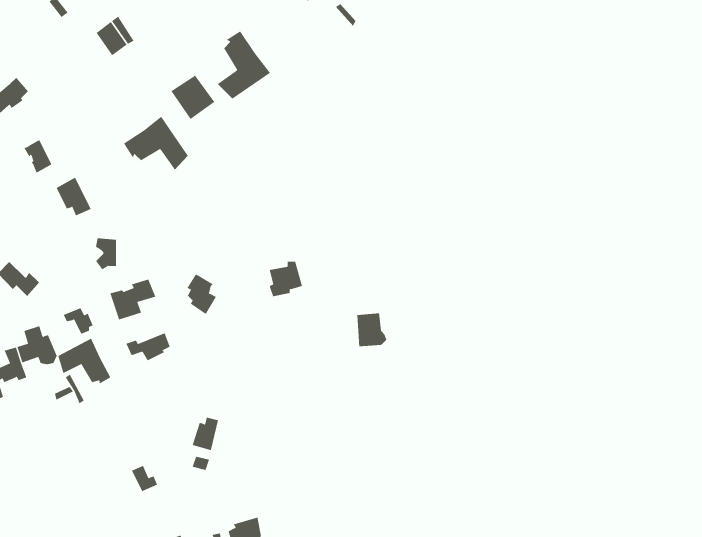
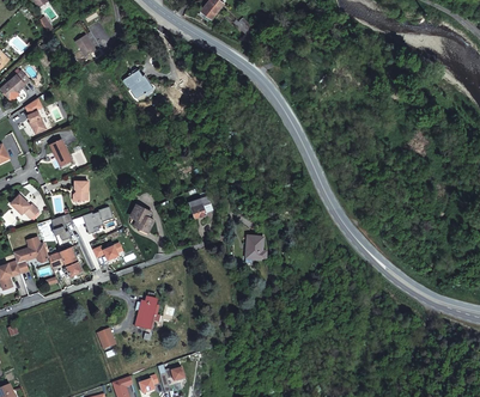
building: [217,30,271,99] -> none
building: [123,116,189,170] -> none

